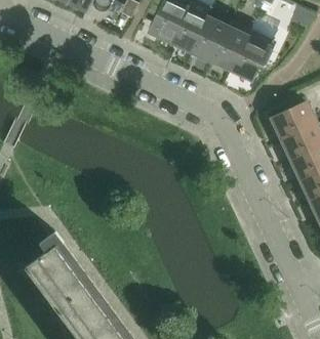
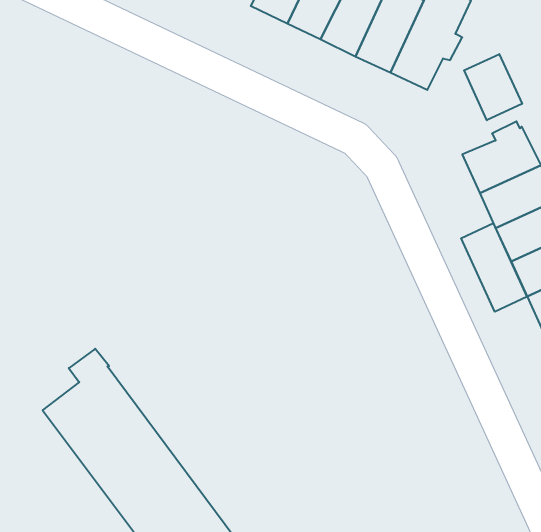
building: none -> [464,54,522,120]
building: none -> [461,223,527,312]

